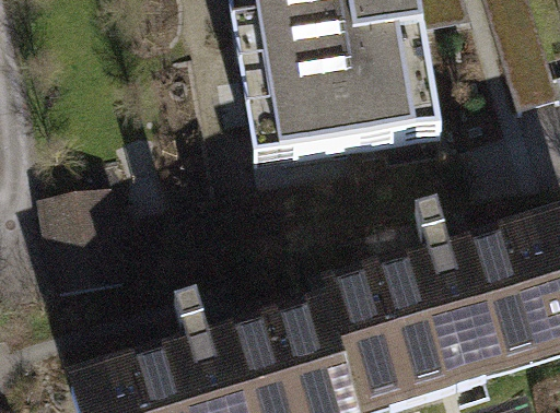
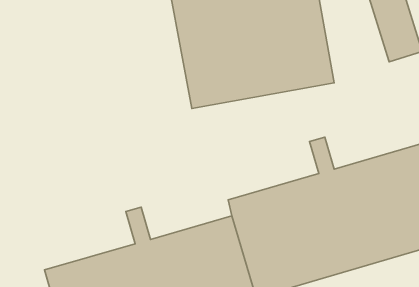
building: [39,187,127,291] -> none

